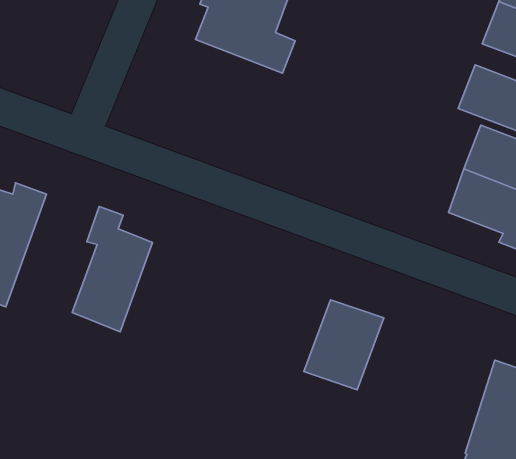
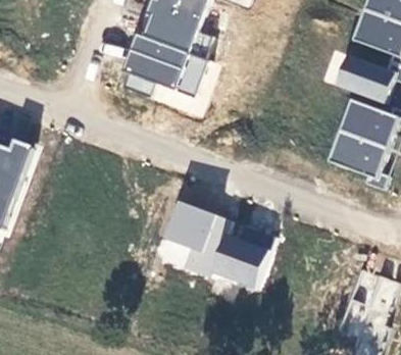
building: none -> [121,33,209,97]
building: [72,207,152,332] -> none
building: none -> [170,203,241,280]

